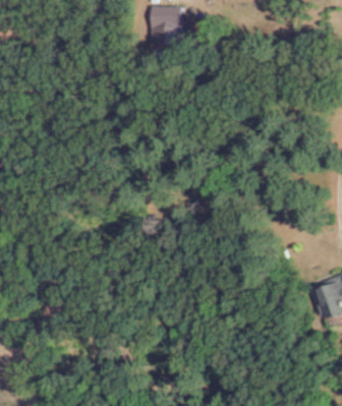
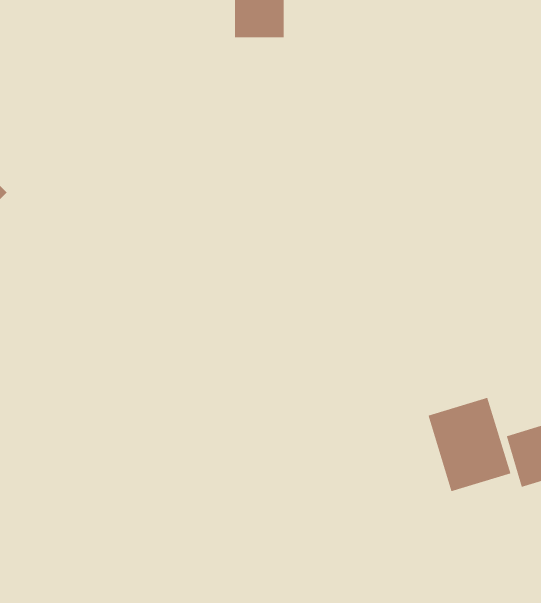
building: none -> [428,397,511,492]

